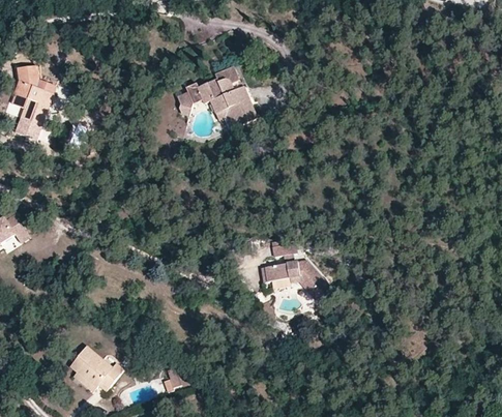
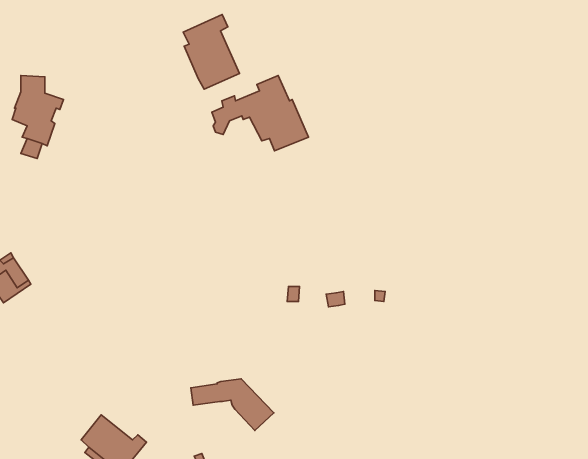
building: none -> [183,15,239,89]
building: [264,260,332,302] -> [191,379,274,430]

